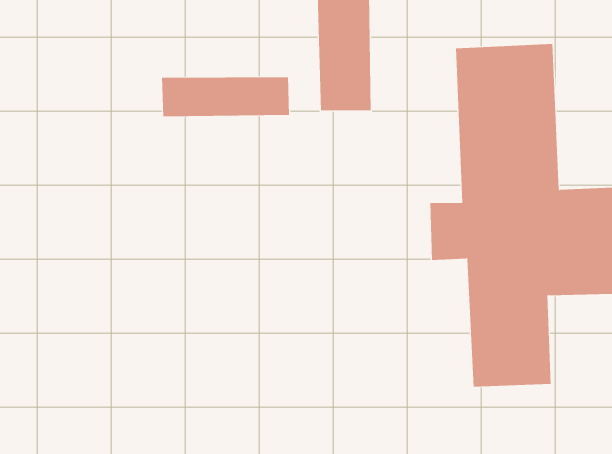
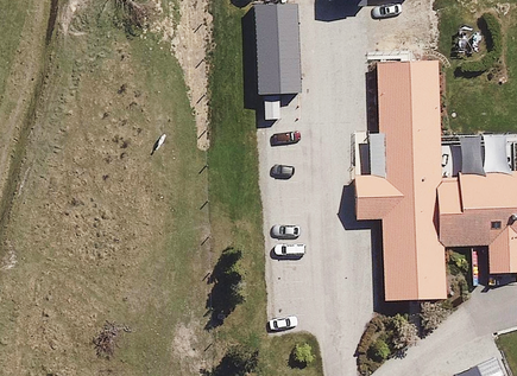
building: [161,77,290,117] -> none

